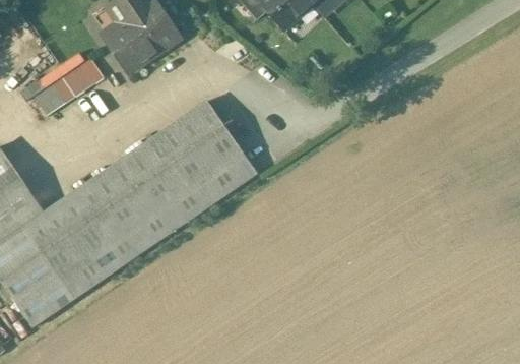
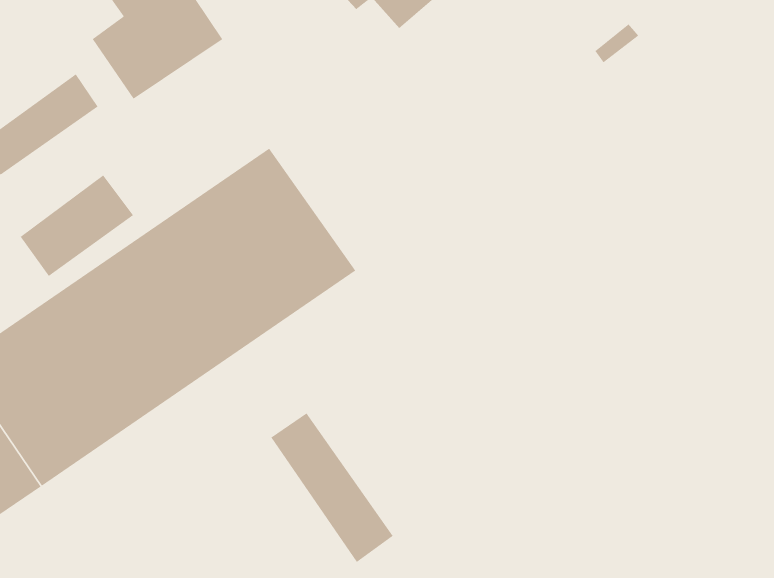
building: none -> [20,174,134,277]
building: none -> [271,413,393,563]

